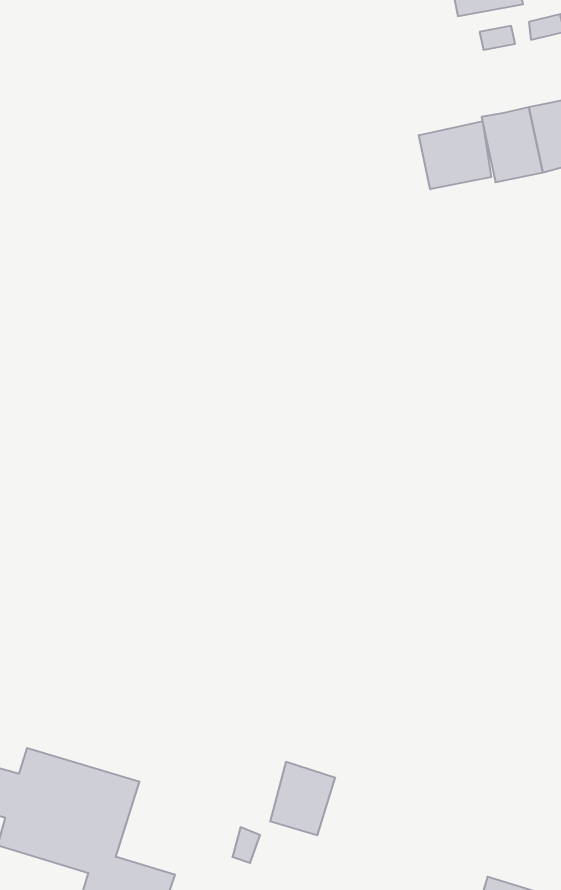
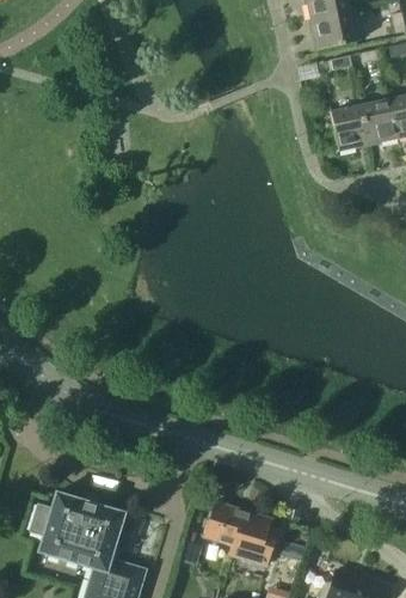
building: [419,121,491,189] -> none
building: none -> [229,511,277,565]

